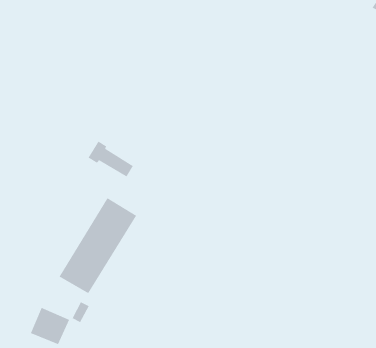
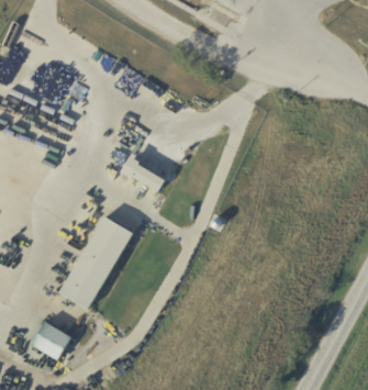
building: [88,140,134,177] -> [120,156,164,191]

